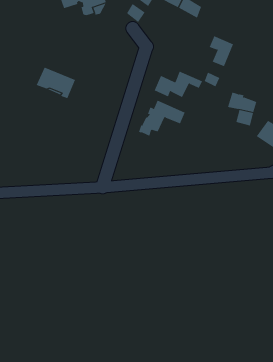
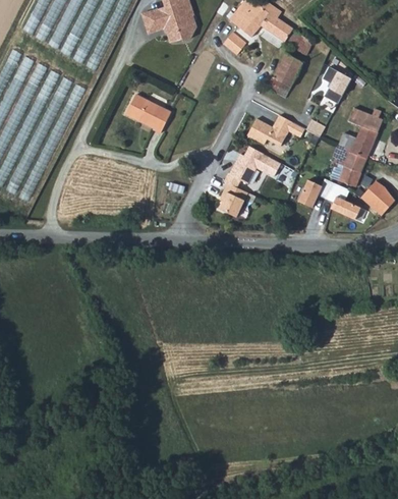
building: none -> [267,51,302,97]
building: none -> [345,107,382,158]
building: none -> [297,178,359,219]
building: none -> [221,182,249,217]

